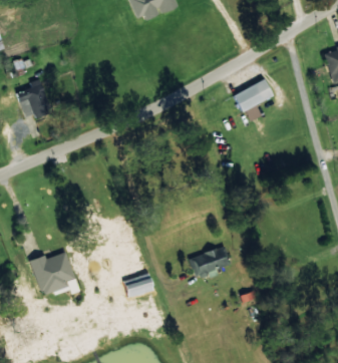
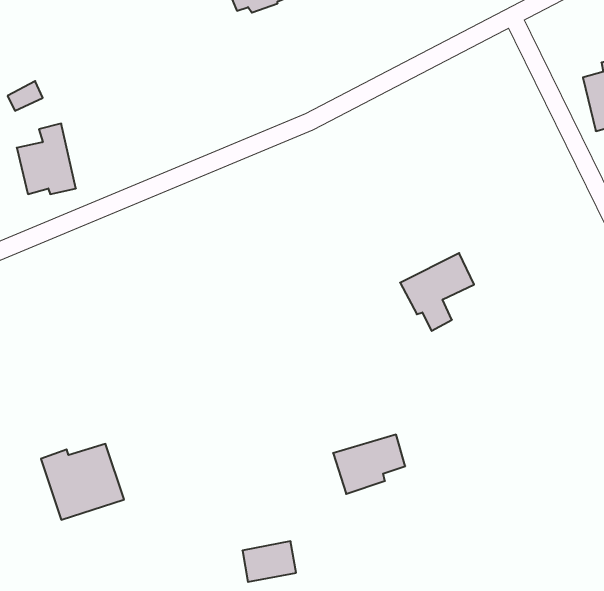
building: [233,79,273,121] -> [400,253,474,331]
building: [124,275,153,297] -> [242,541,296,582]

